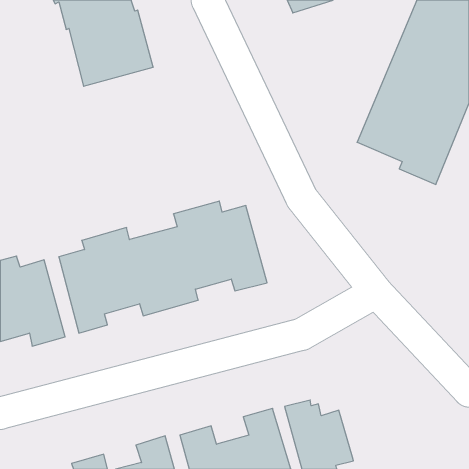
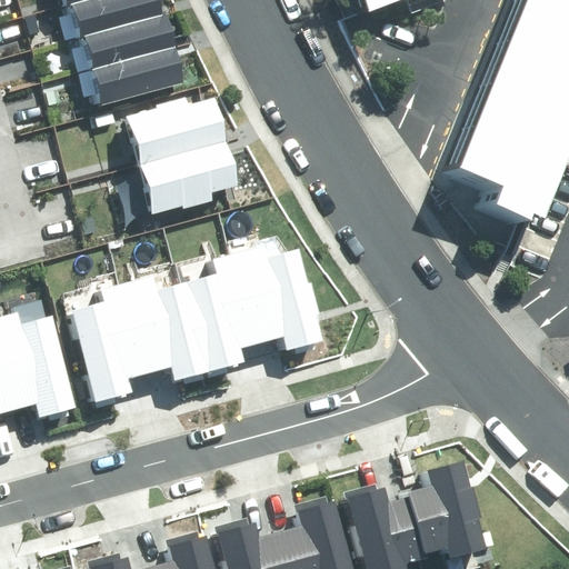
building: none -> [127,96,238,213]
building: none -> [409,460,488,560]

